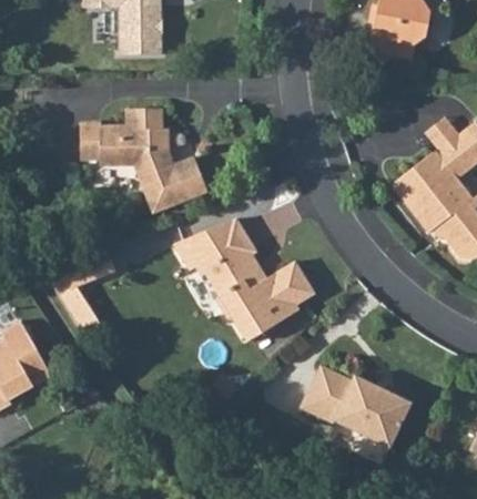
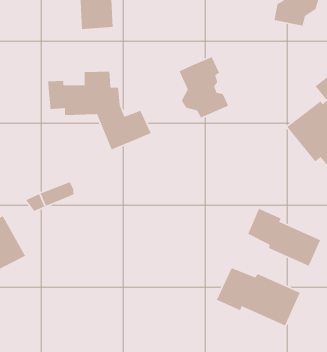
building: none -> [178,56,229,118]
building: [176,222,311,338] -> none
building: none -> [247,208,321,267]

